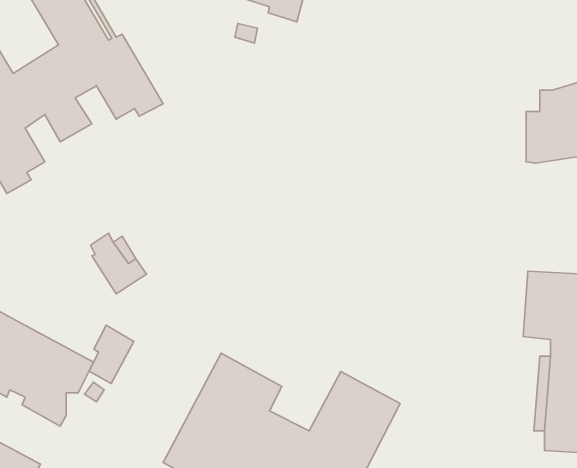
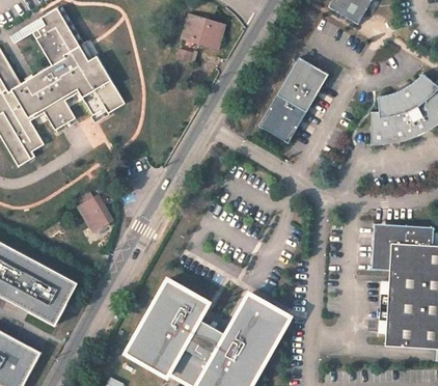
building: none -> [255,55,325,140]
building: [89,325,134,384] -> none

